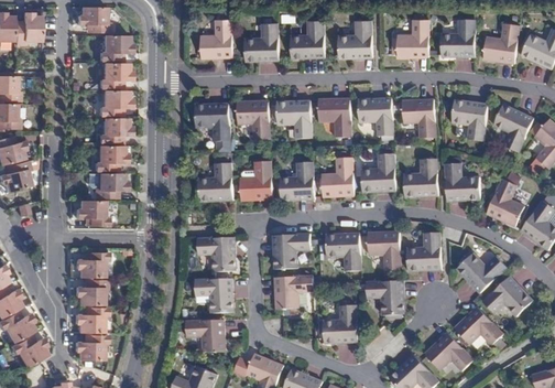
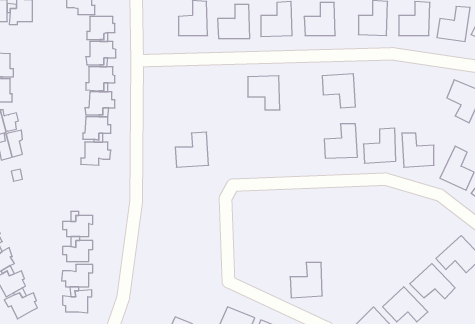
building: [317,98,350,137] -> none
building: [401,99,435,138] -> none
building: [450,99,487,141] -> none
building: [235,101,269,139] -> none
building: [194,103,229,140] -> none
building: [320,157,353,196] -> none
building: [239,160,272,201] -> none
building: [279,161,314,200] -> none
building: [75,200,107,226] -> none
building: [366,230,400,270] -> none
building: [405,231,440,271] -> none
building: [272,234,308,269] -> none
building: [325,234,360,270] -> none
building: [195,237,233,271] -> none
building: [456,252,505,293] -> none
building: [274,276,313,309] -> none
building: [194,278,231,313] -> none
building: [364,280,404,315] -> none
building: [184,320,224,352] -> none

